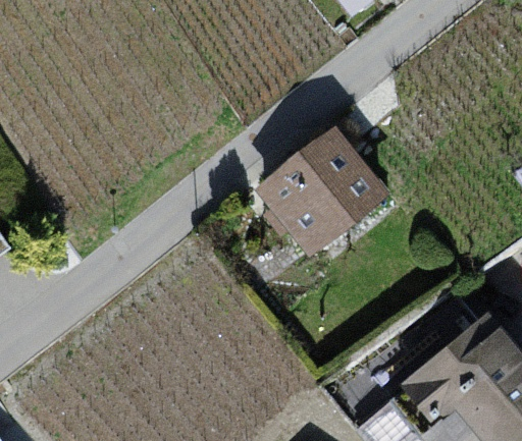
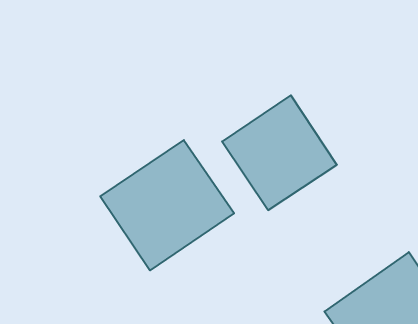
building: none -> [100,140,234,270]

